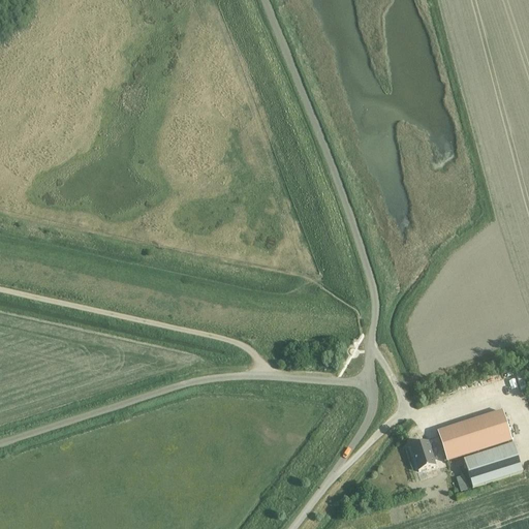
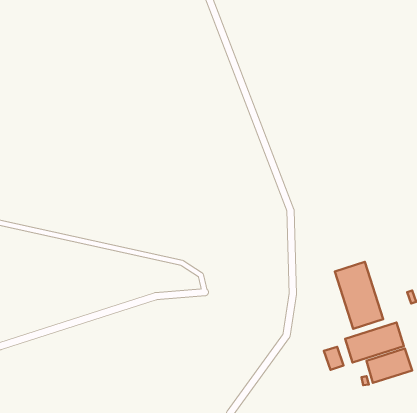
building: none -> [335,262,383,329]

